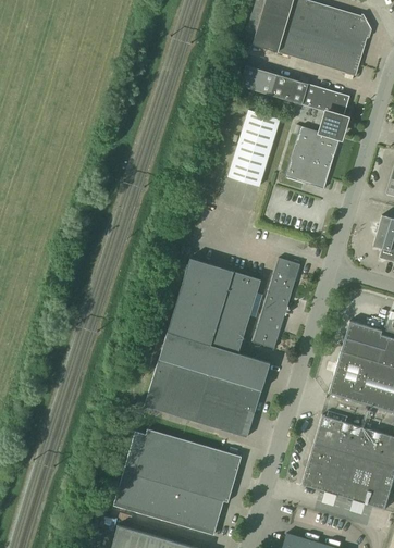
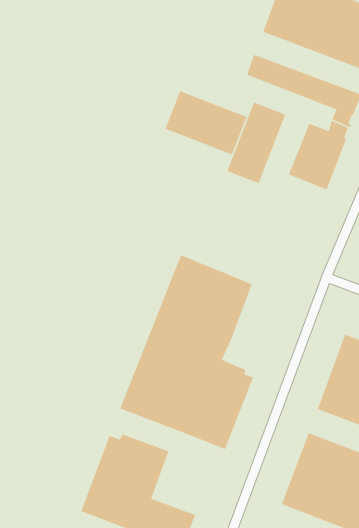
building: none -> [164,90,248,156]
building: [253,258,299,349] -> none
building: [181,443,241,501] -> none

